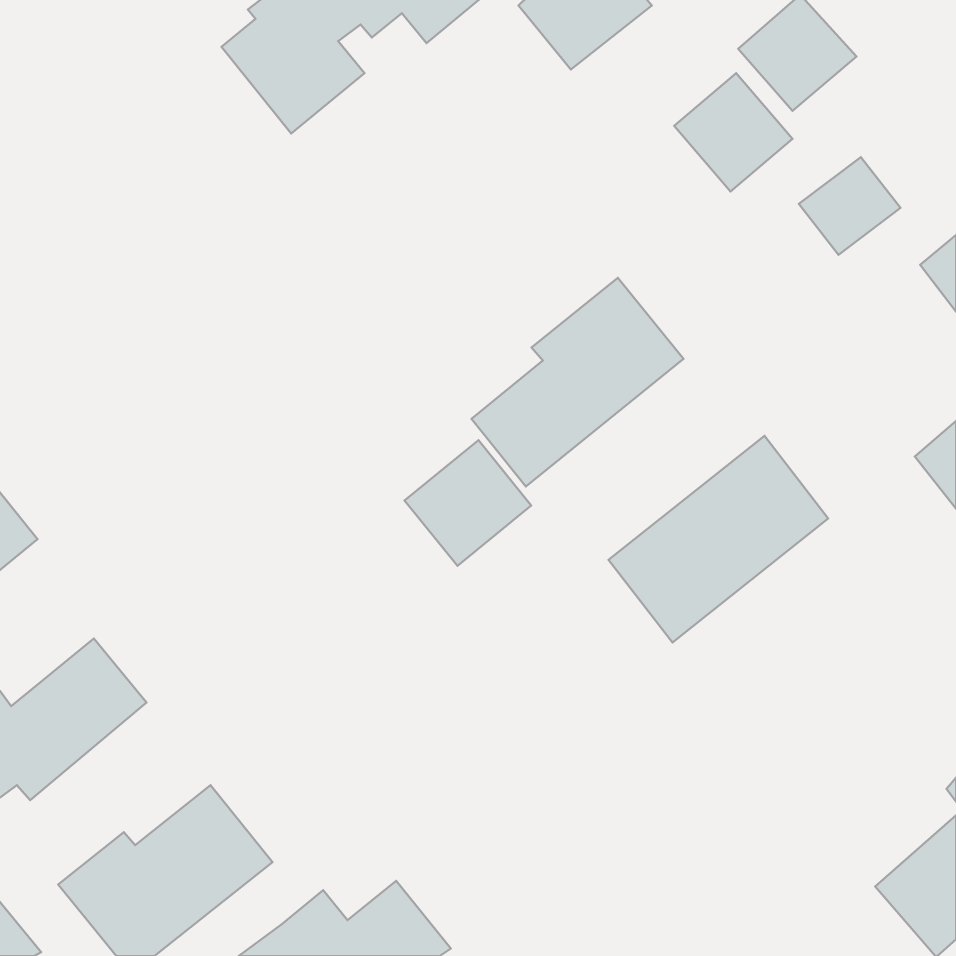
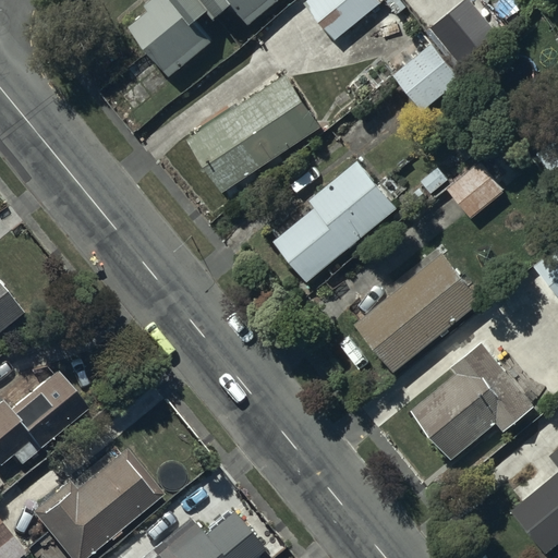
building: none -> [186,74,320,193]
building: [799,157,900,255] -> [446,161,505,218]
building: [405,440,531,566] -> none
building: none -> [410,343,533,461]

